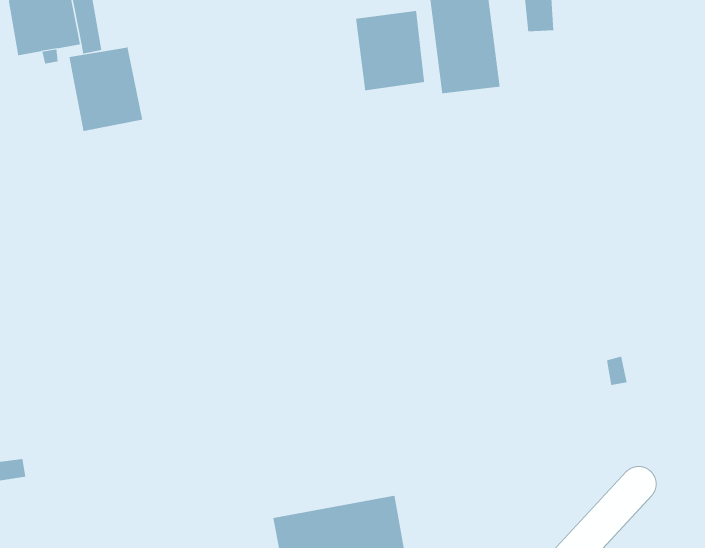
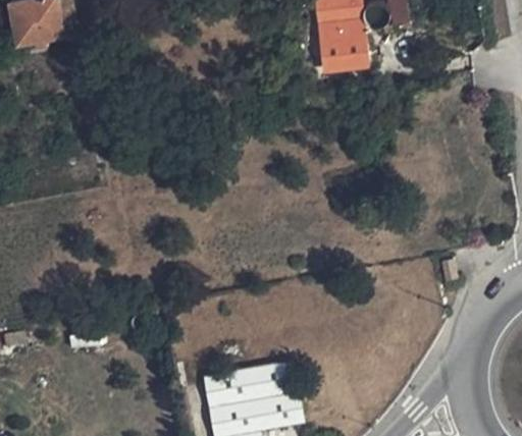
building: [355,10,425,91] -> none
building: [69,47,143,132] -> none

